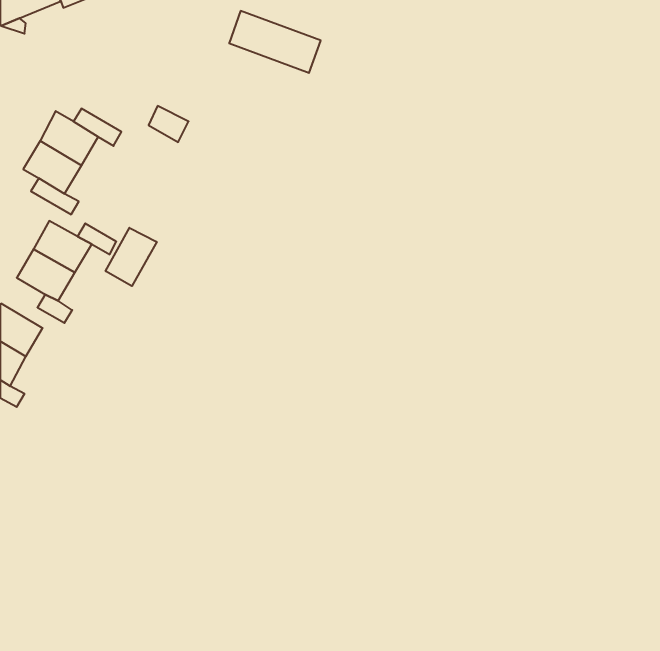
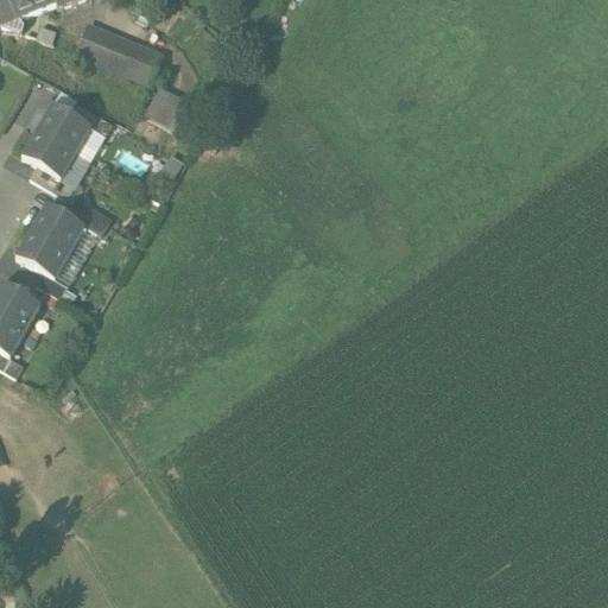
building: [229,11,321,73] -> [78,23,163,80]
building: [106,228,157,286] -> none

